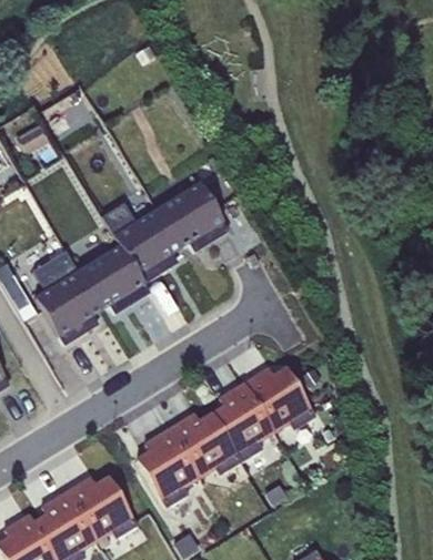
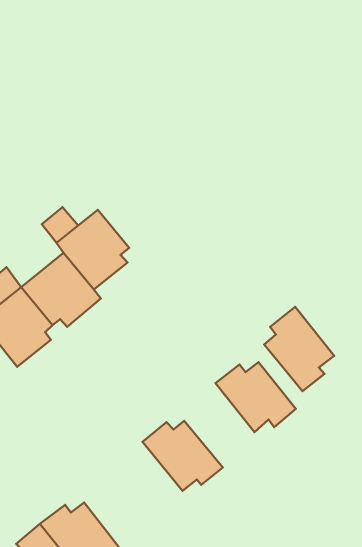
building: [157,182,228,250] -> none
building: [211,381,274,460] -> [264,307,334,391]
building: [137,427,201,507] -> none

